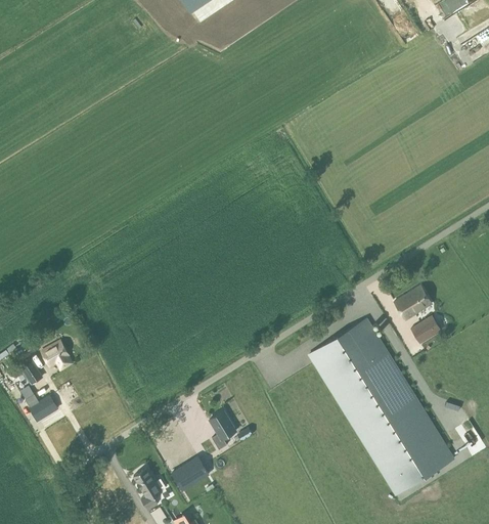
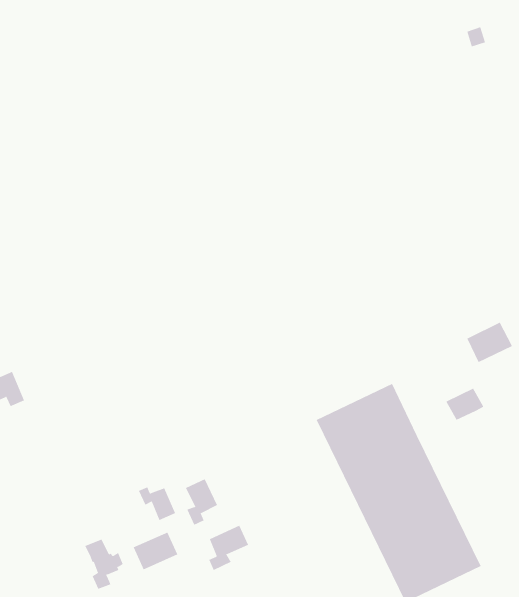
building: [394,286,432,320] -> [467,322,513,363]
building: none -> [138,487,176,521]
building: none -> [209,525,249,571]

